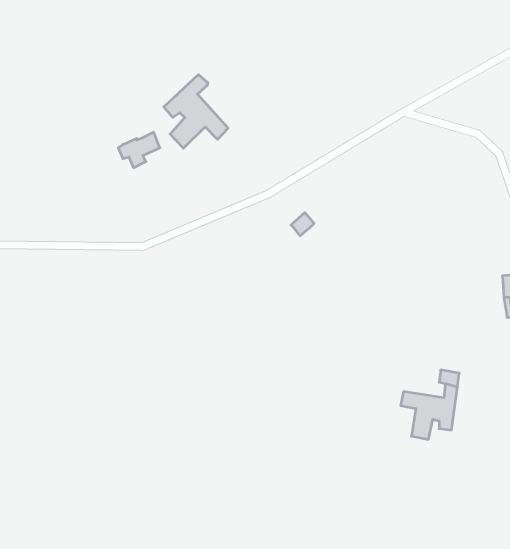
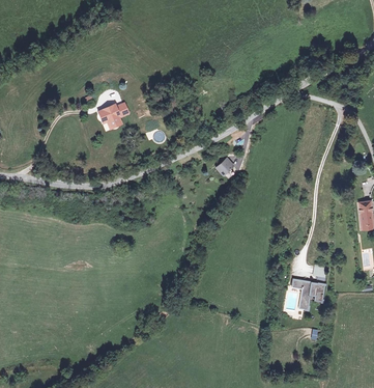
building: [164,75,228,148] -> none

